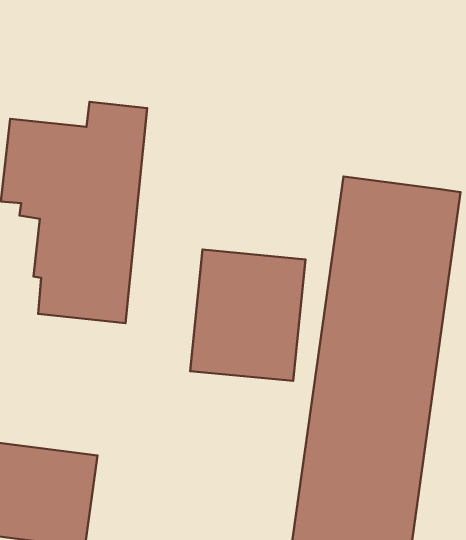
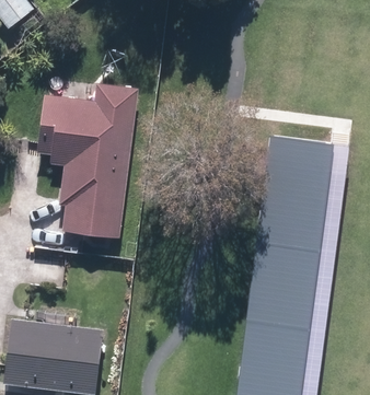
building: [190,250,306,381] -> none

